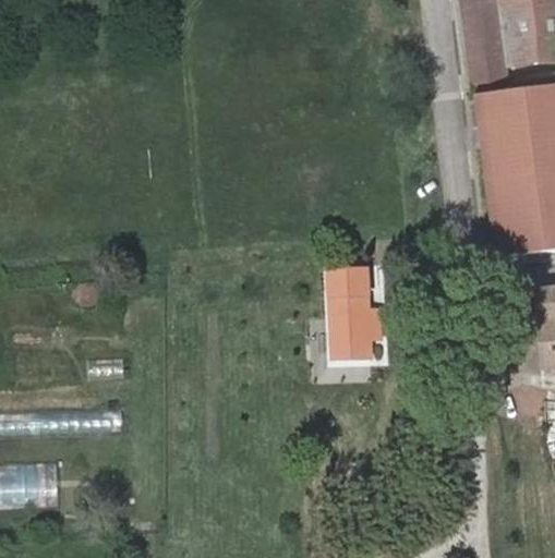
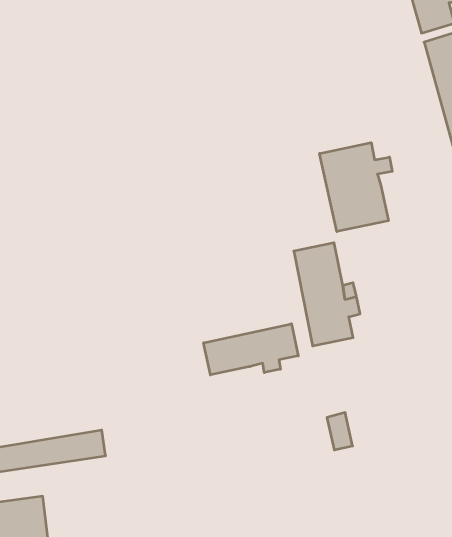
building: none -> [320,143,392,232]
building: none -> [204,324,298,375]

